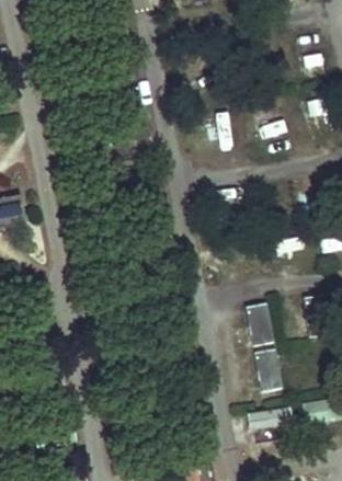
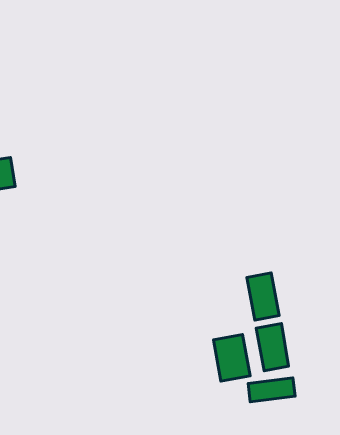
building: none -> [213,335,250,381]

